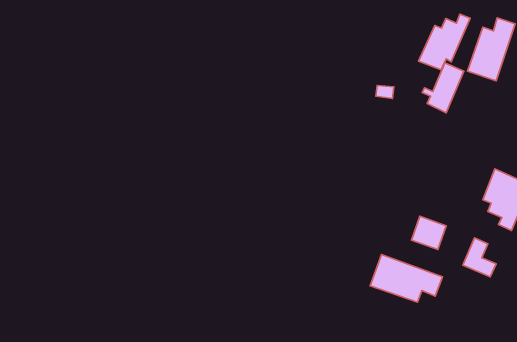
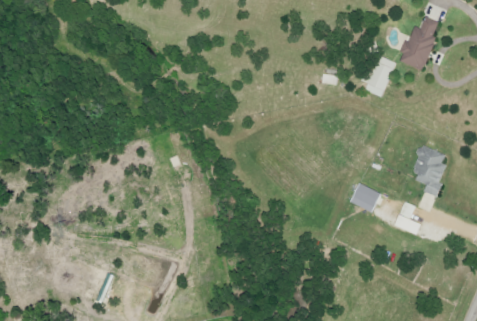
building: [418,14,470,70] -> none
building: [370,255,442,302] -> none

